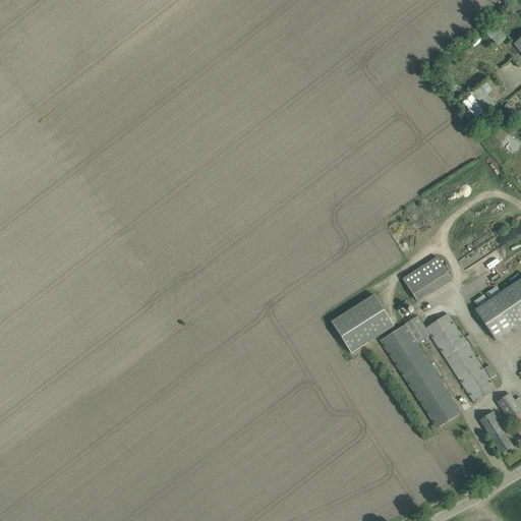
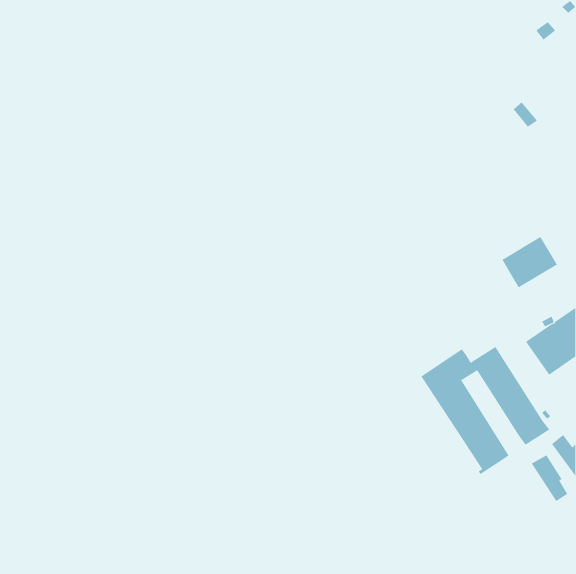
building: [404,254,455,301] -> [501,236,558,288]
building: [333,293,396,351] -> none

